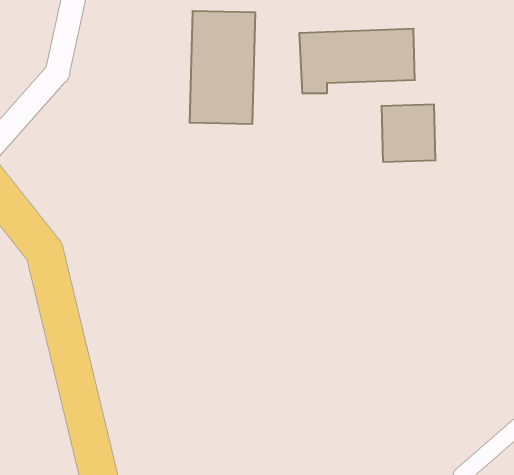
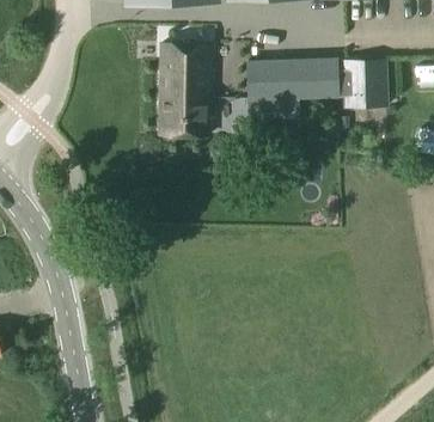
building: [381,105,436,162] -> [343,59,387,105]

